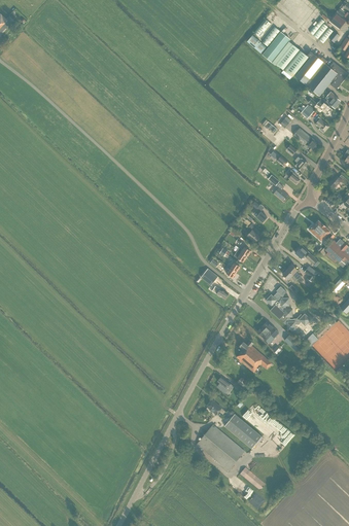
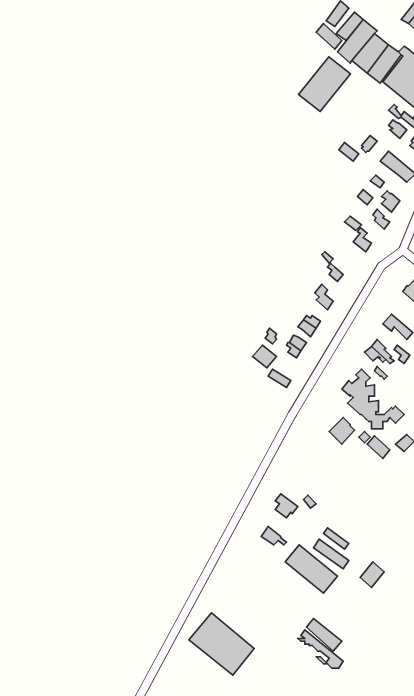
building: none -> [298,57,350,112]
building: [236,340,271,372] -> none
building: [196,424,243,469] -> [189,613,254,675]

